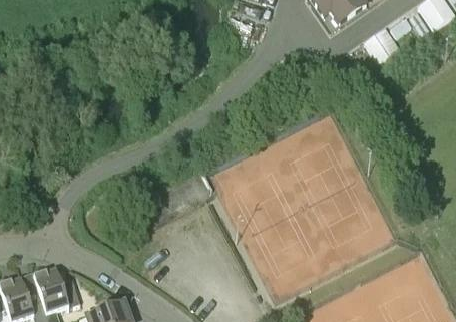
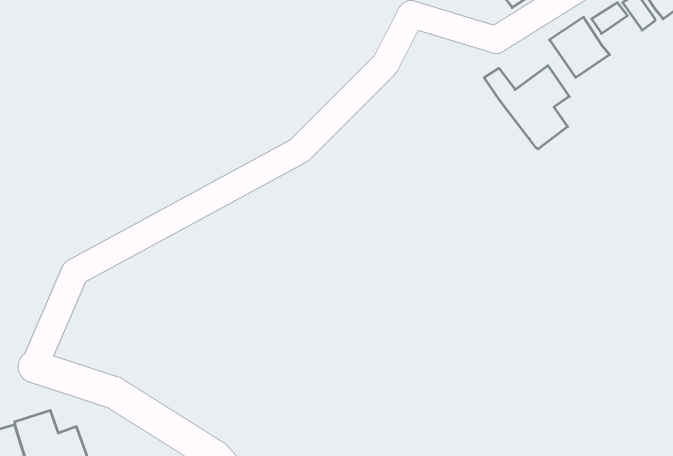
building: none -> [484,66,569,149]

